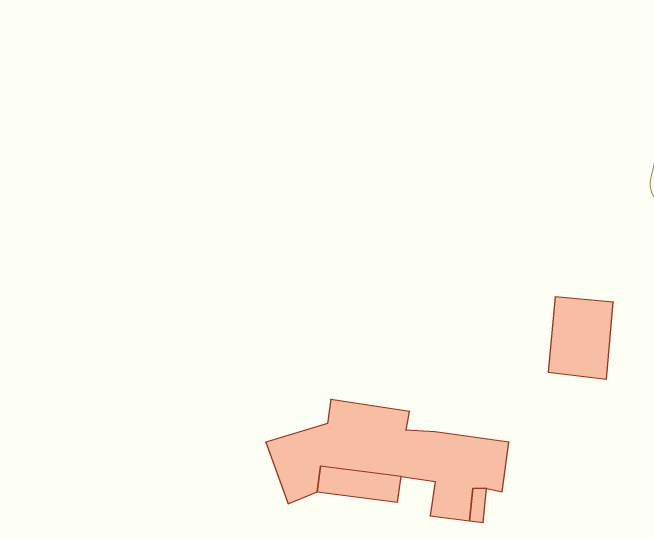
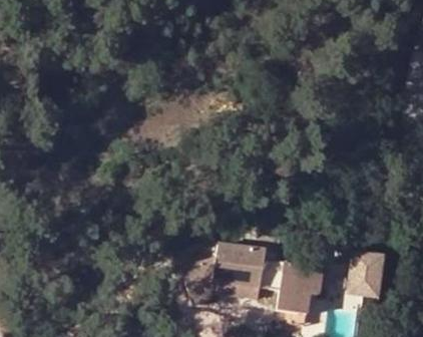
building: [548,297,613,379] -> [355,247,393,295]

